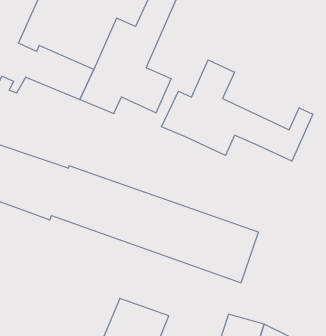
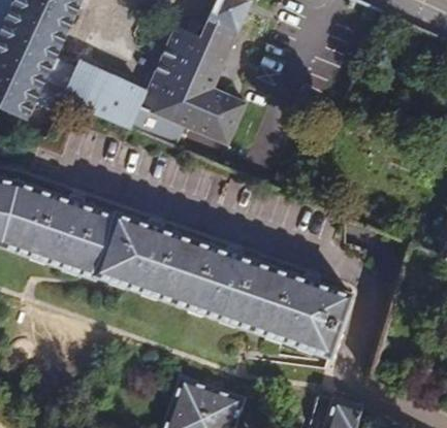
building: [161,60,313,161] -> none

